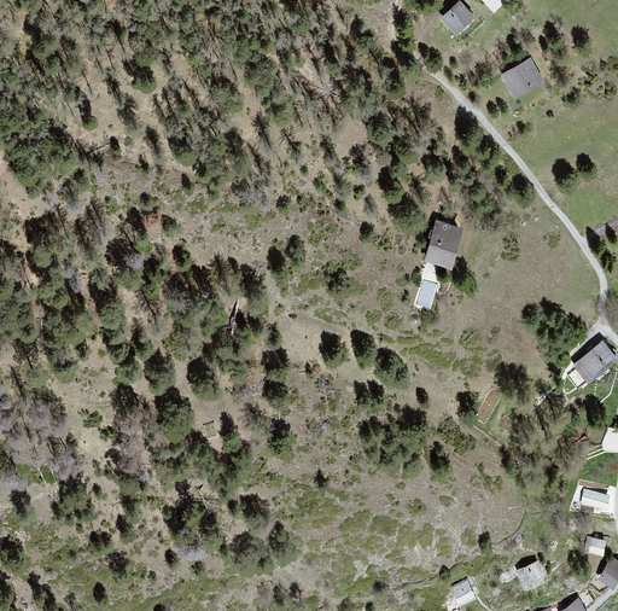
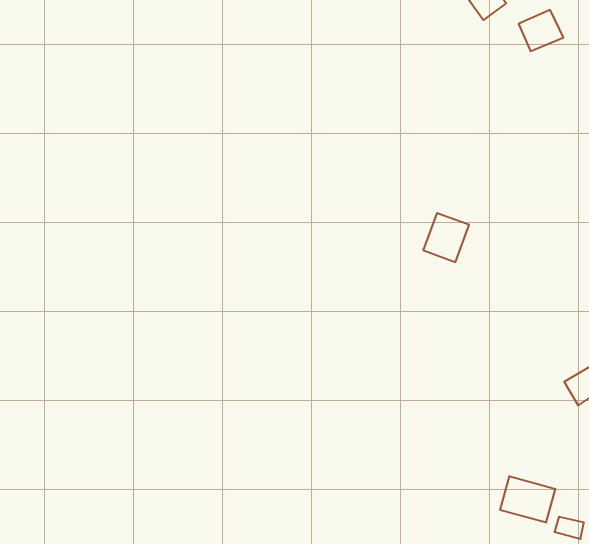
building: [501,57,544,98] -> [519,10,563,51]
building: none -> [500,476,555,523]

